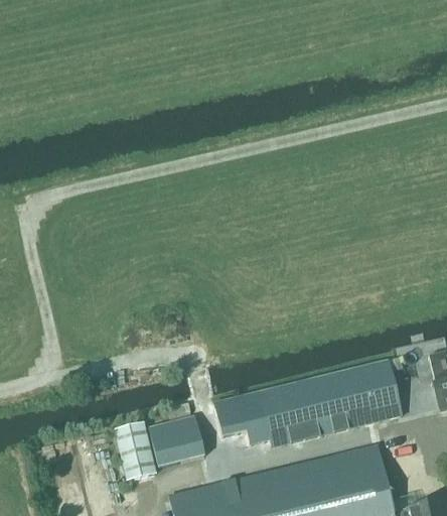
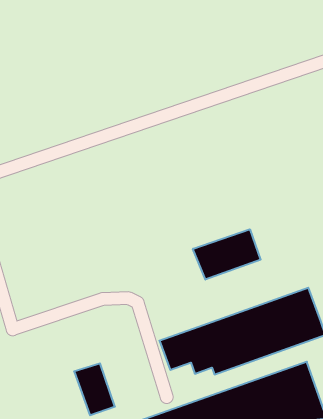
building: none -> [193,229,261,280]
building: [148,416,204,467] -> none

